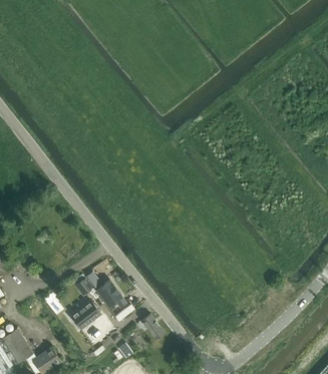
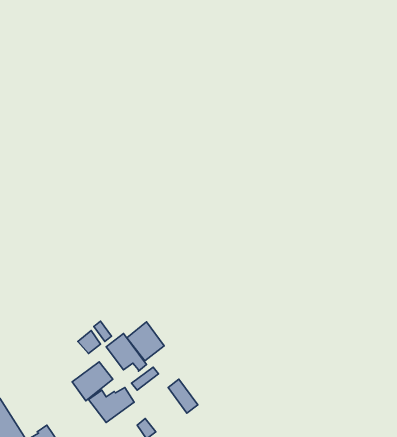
building: none -> [127,322,164,361]

